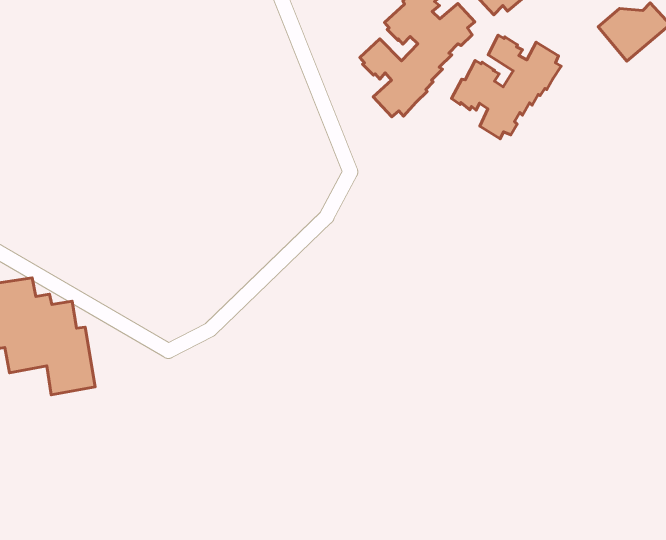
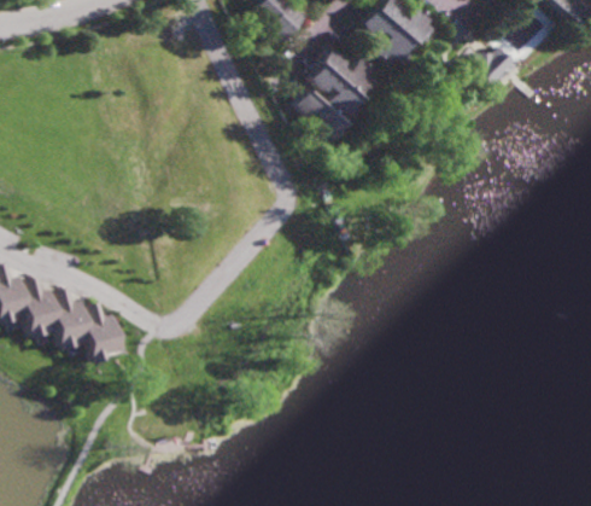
building: [452,35,561,139] -> none

